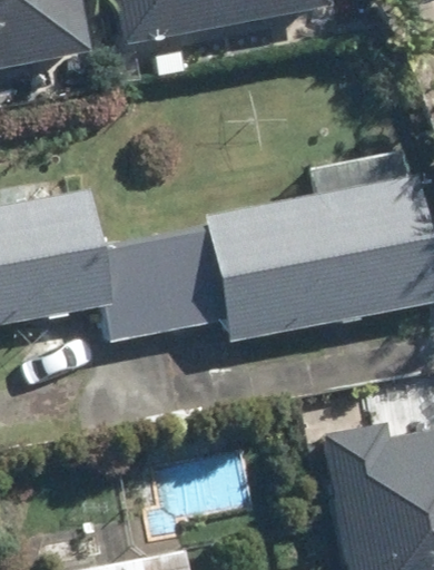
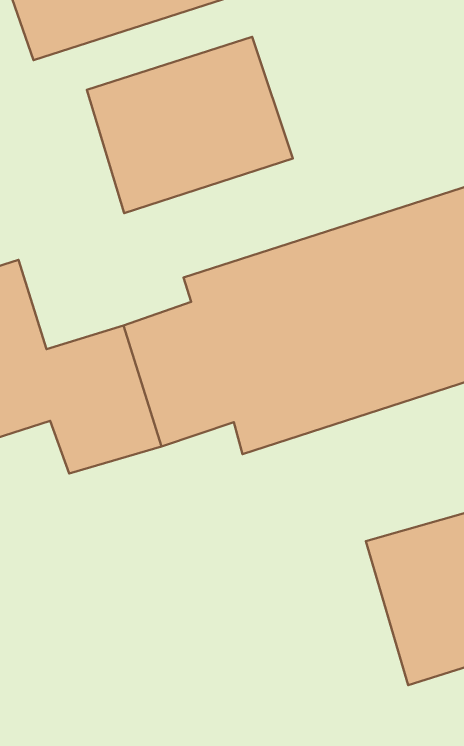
building: none -> [87,37,293,213]

